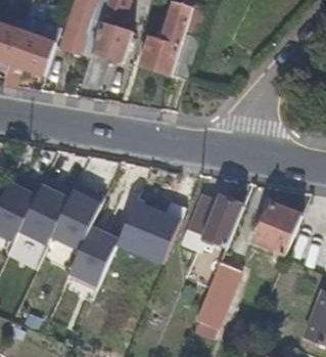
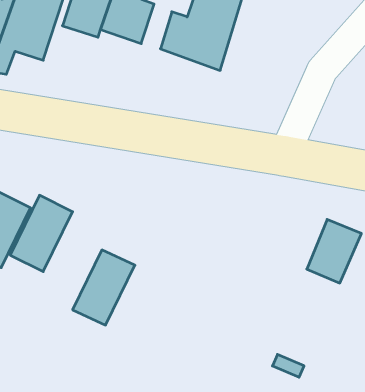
building: [49,189,99,251] -> none
building: [180,193,242,250] -> none
building: [117,197,180,264] -> none
building: [195,262,238,327] -> none

